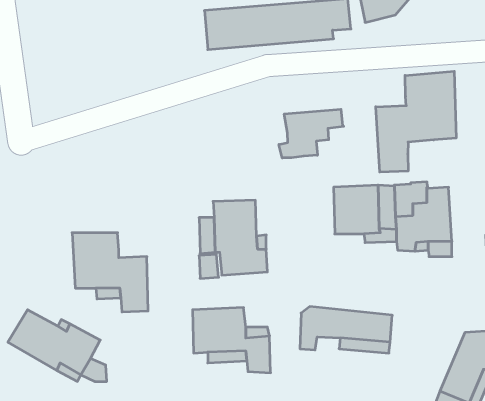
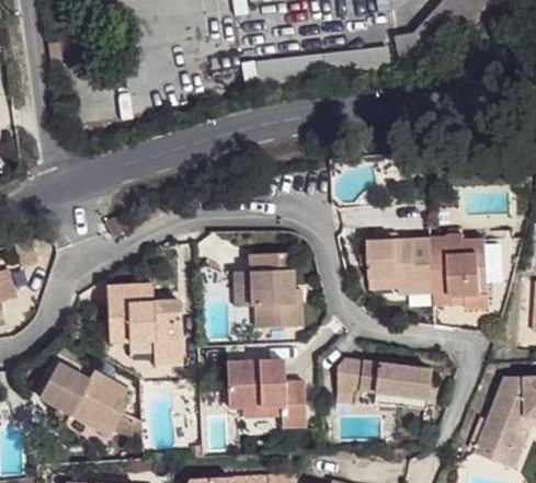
building: [376,71,456,172] -> none
building: [279,109,344,158] -> none

